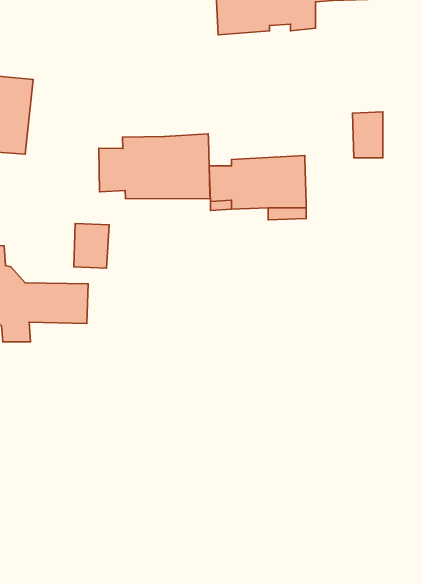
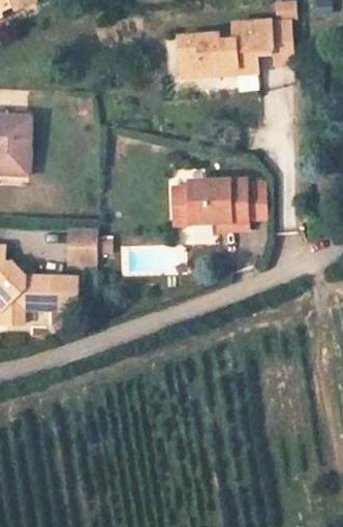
building: [353,112,383,158] -> [244,179,268,215]
building: [99,134,210,199] -> none

